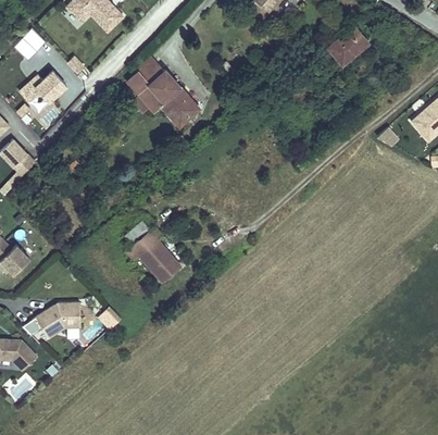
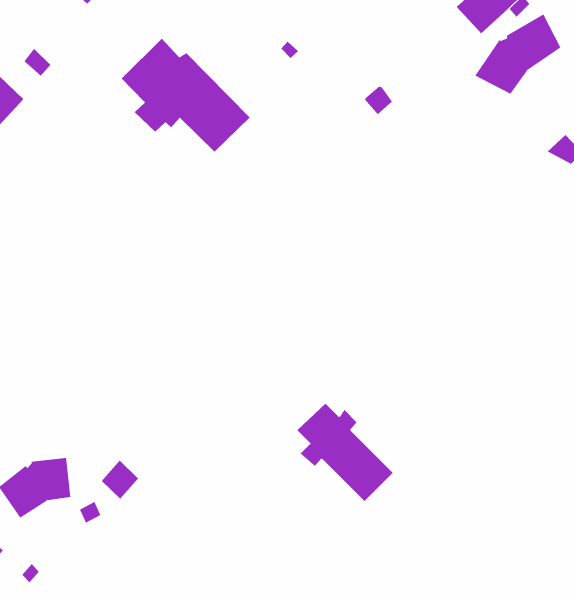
building: none -> [474,14,561,94]
building: [125,222,182,283] -> [296,403,394,502]

